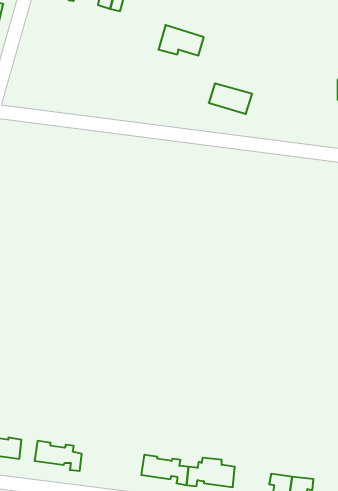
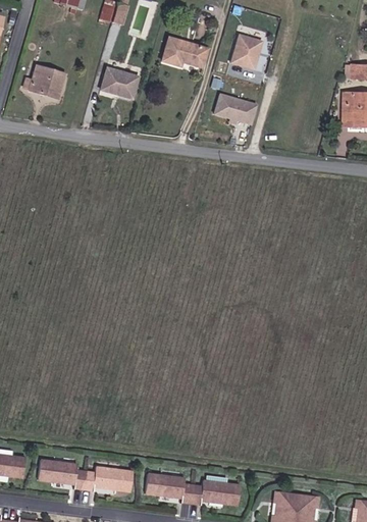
building: none -> [229,36,261,70]
building: none -> [101,62,140,99]
building: none -> [24,64,66,99]
building: none -> [83,466,132,490]

